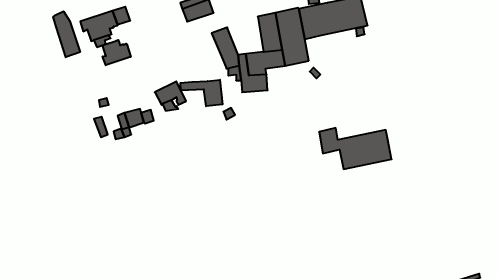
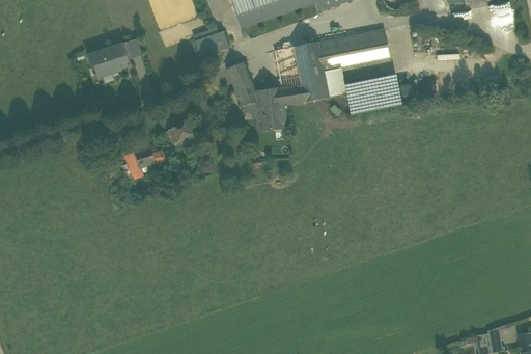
building: [53,11,80,57] -> none
building: [102,40,131,65] -> none
building: [180,80,223,106] -> none
building: [319,128,392,169] -> [325,70,401,113]

